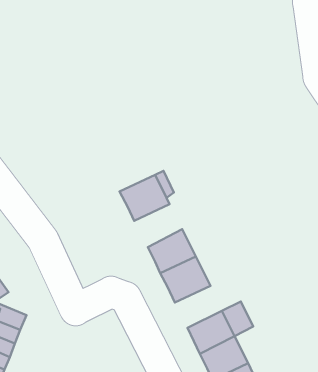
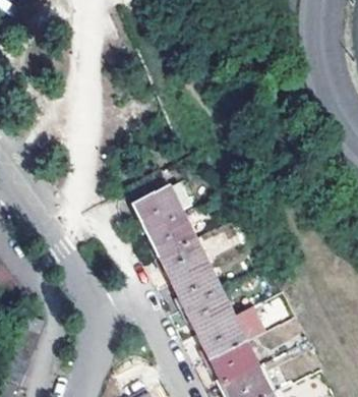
building: none -> [147,214,194,256]
building: none -> [187,293,233,334]

